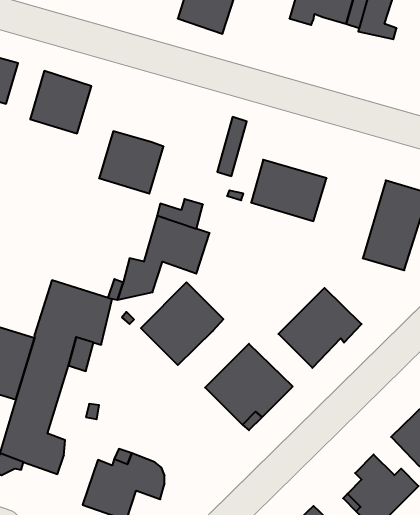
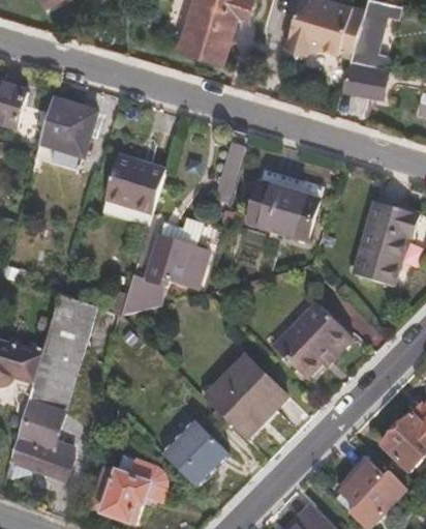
building: none -> [340,65,386,96]
building: [141,282,223,365] -> none
building: none -> [163,420,230,487]

